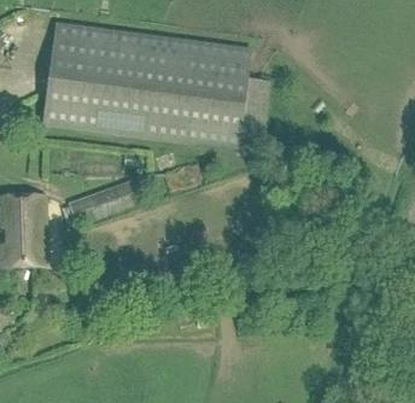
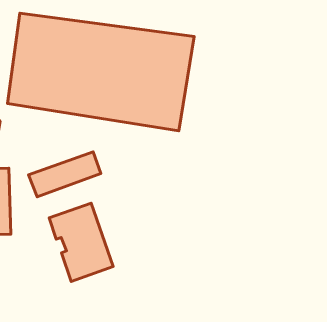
building: none -> [49,203,113,282]

